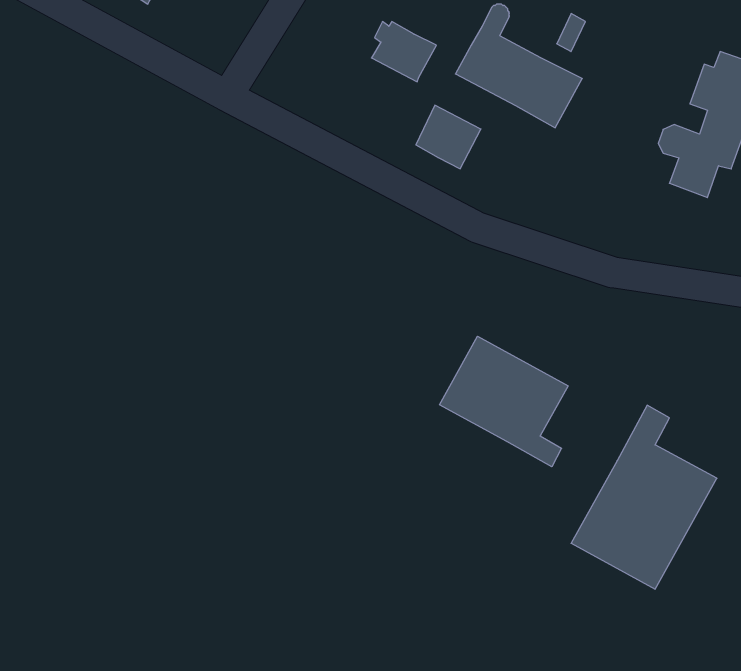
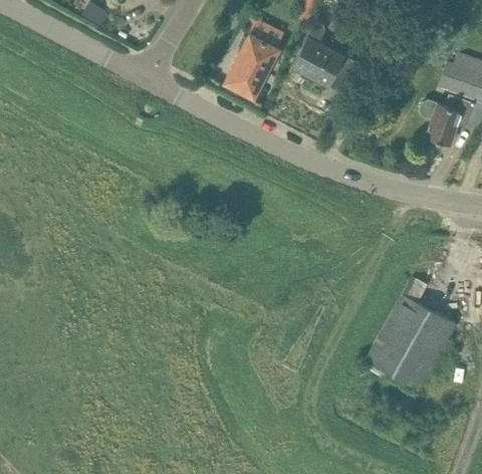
building: [416,105,481,169] -> [225,57,266,97]
building: [440,336,568,467] -> none

